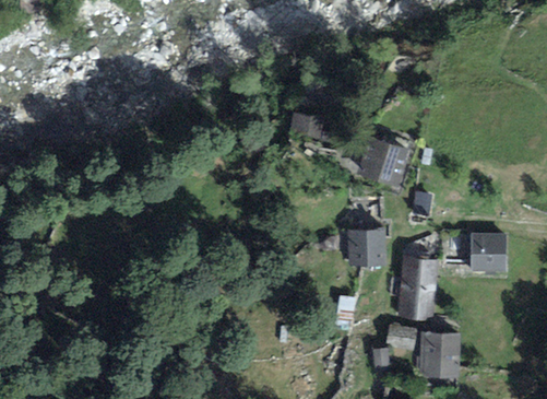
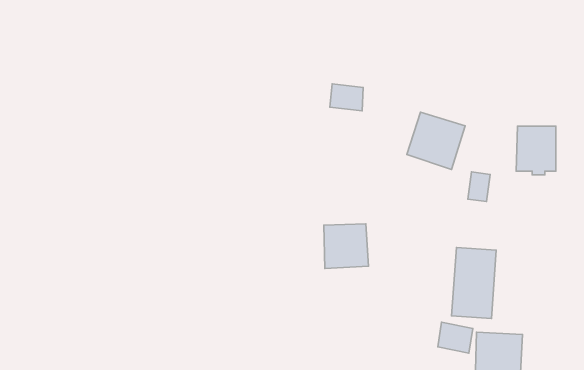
building: [348,227,388,267] -> [324,224,368,269]
building: [471,232,506,274] -> [516,126,556,175]

